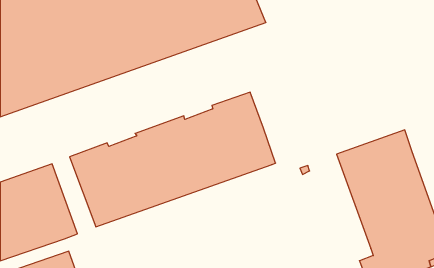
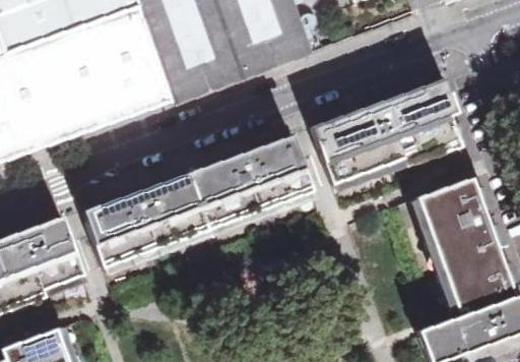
building: none -> [311,76,473,207]

